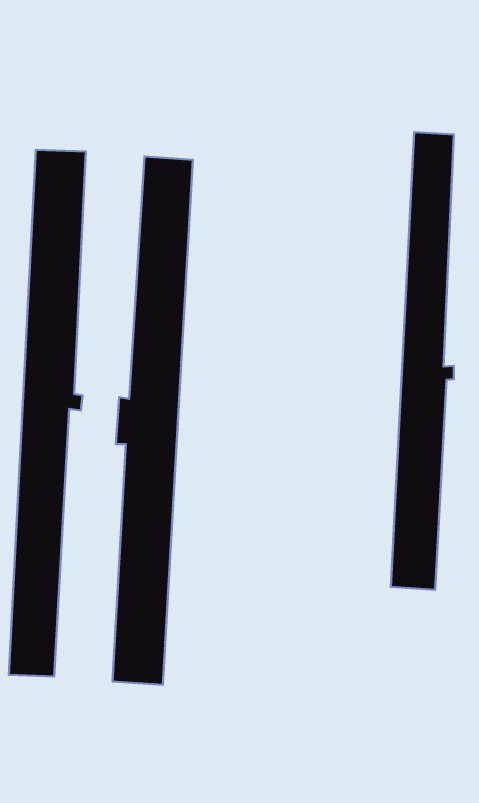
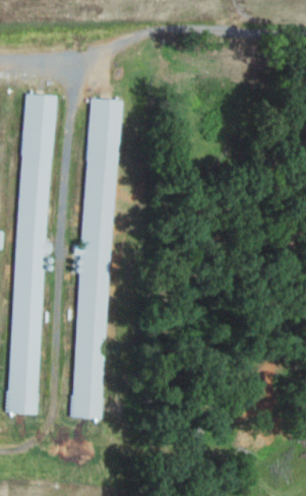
building: [391,132,454,590] -> none

